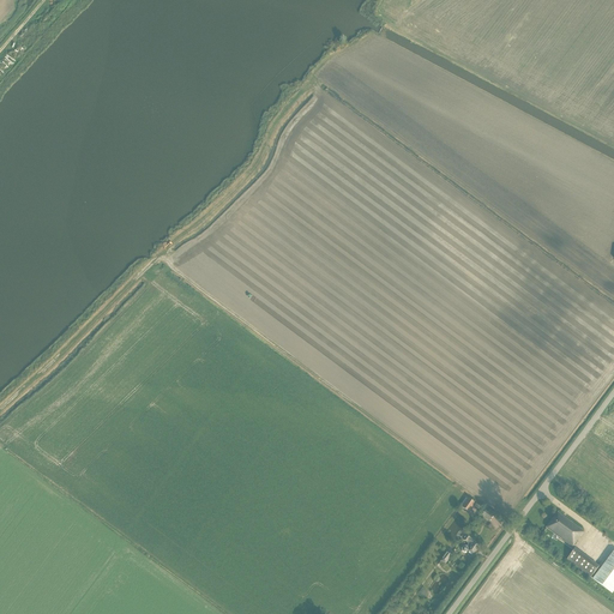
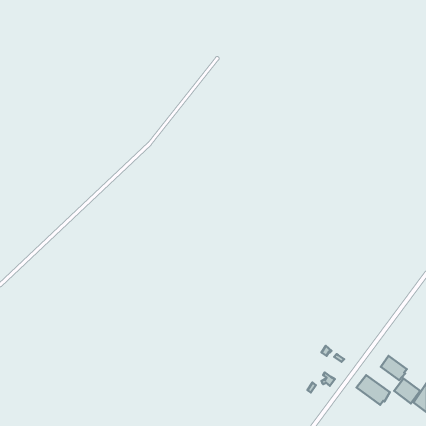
building: none -> [357,375,390,405]

